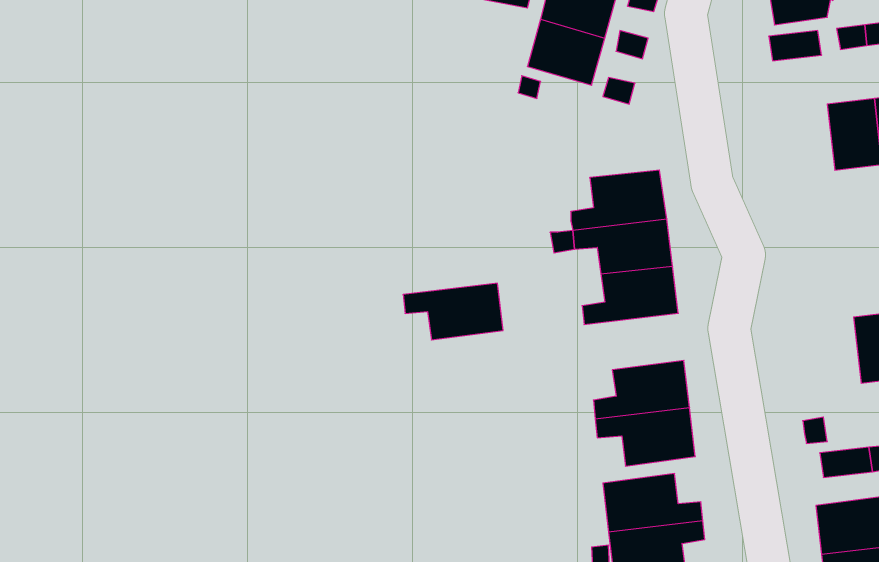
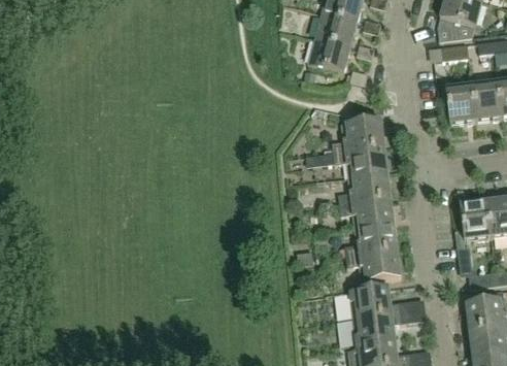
building: none -> [445,84,476,124]
building: [403,283,503,340] -> [339,198,394,229]
building: none -> [460,200,491,239]

